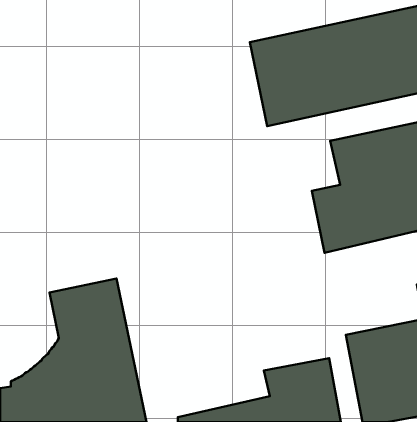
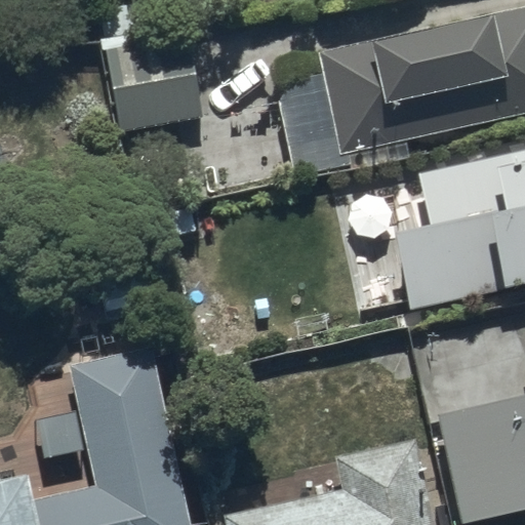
building: none -> [105,35,206,133]

